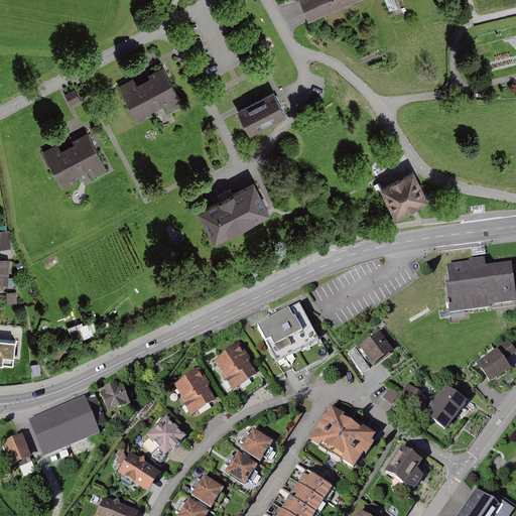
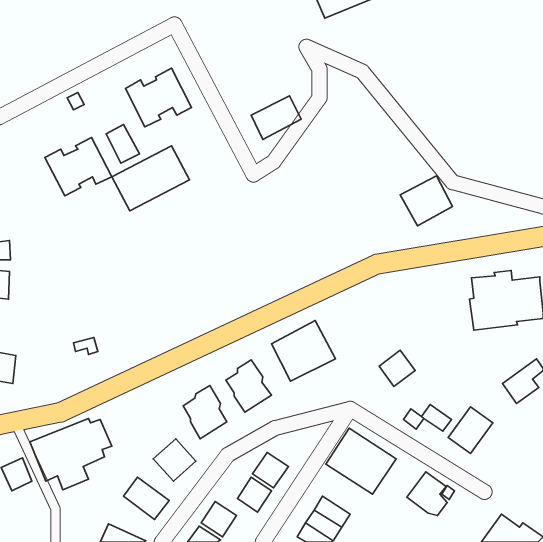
building: none -> [106,124,140,163]
building: [197,178,270,240] -> [112,146,190,211]
building: [99,383,129,413] -> none

